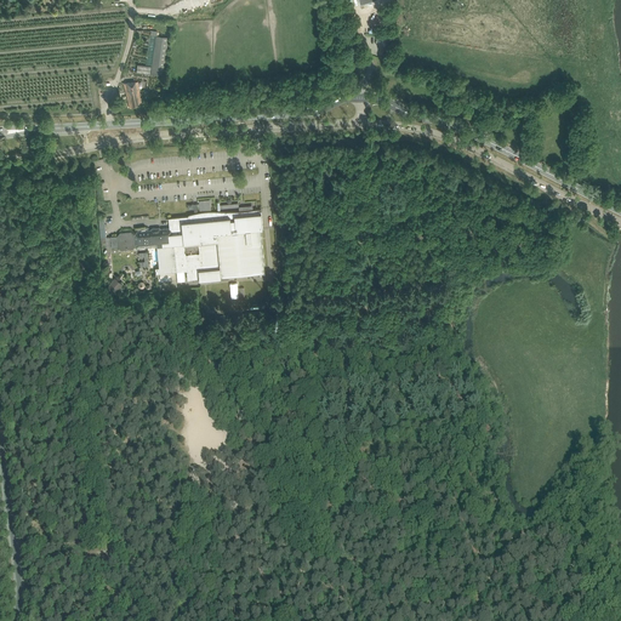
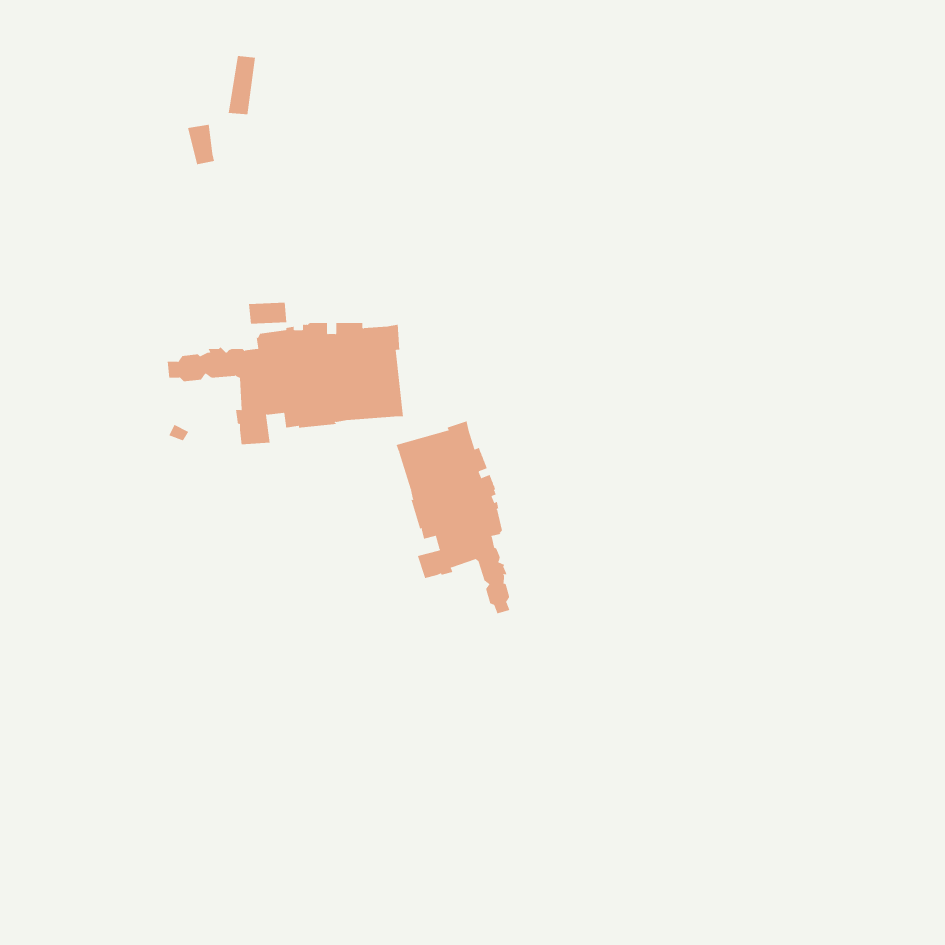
building: none -> [396,420,510,614]

